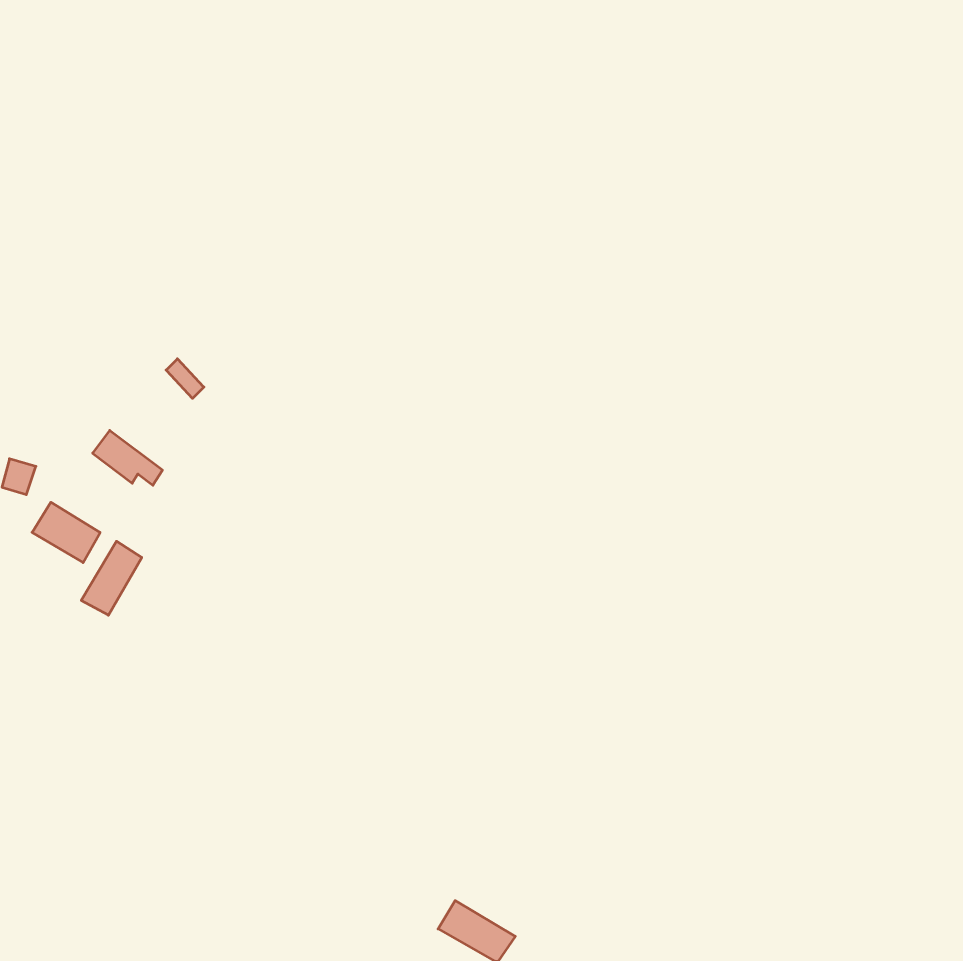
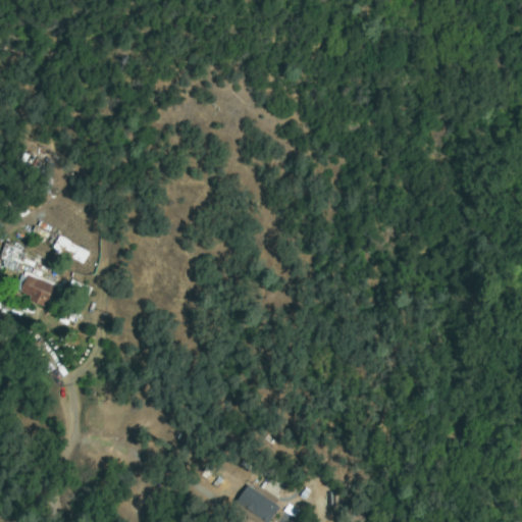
building: [81,541,142,615] -> none

